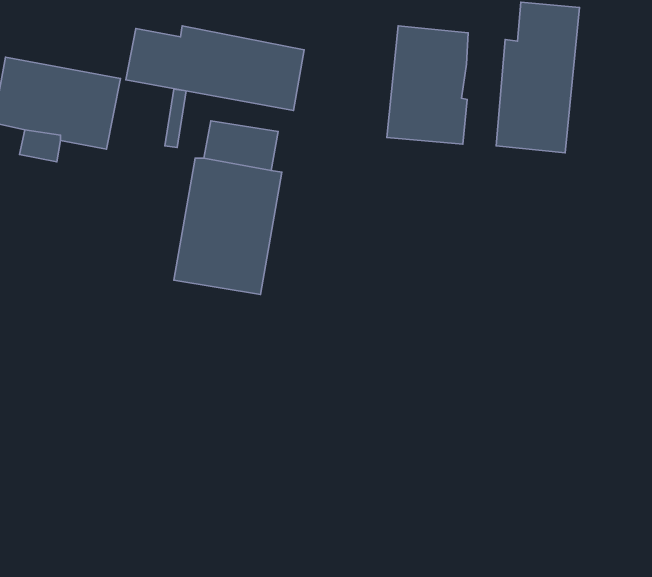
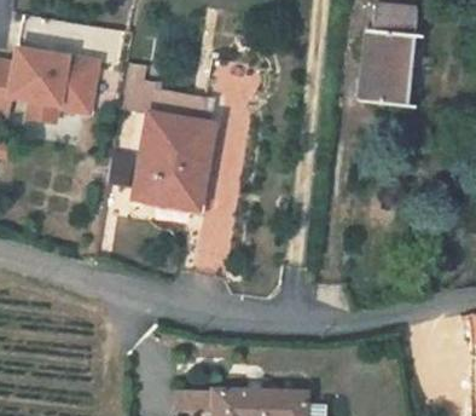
building: [126,26,304,111] -> none
building: [387,26,468,144] -> none

